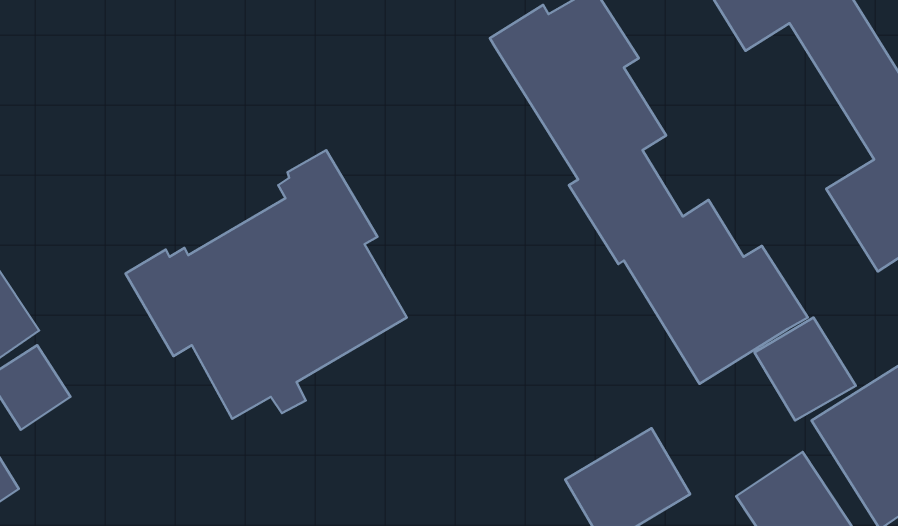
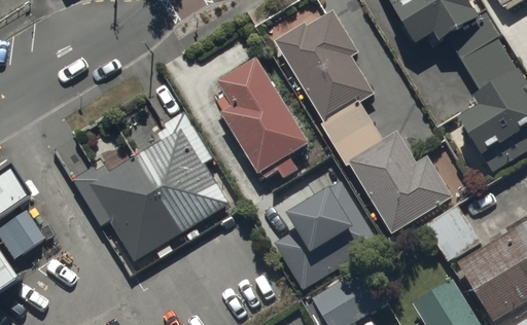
building: none -> [218,61,311,178]
building: none -> [276,183,379,289]

